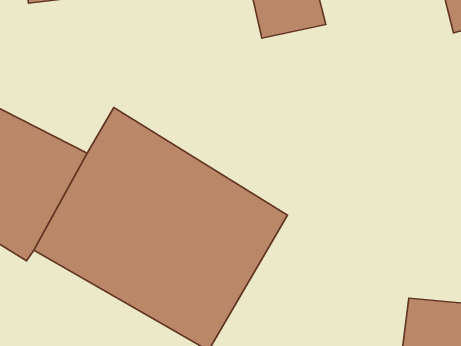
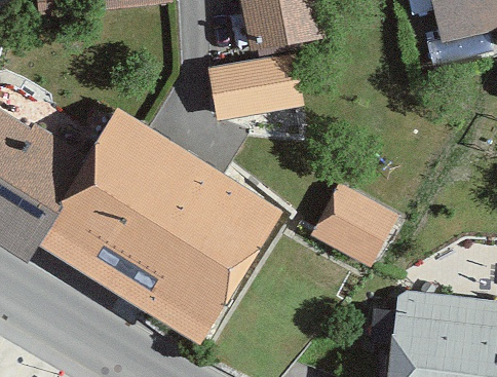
building: none -> [209,56,301,116]
building: none -> [314,179,398,263]

